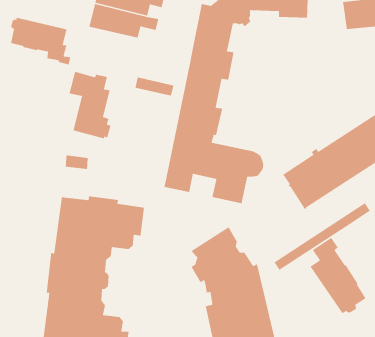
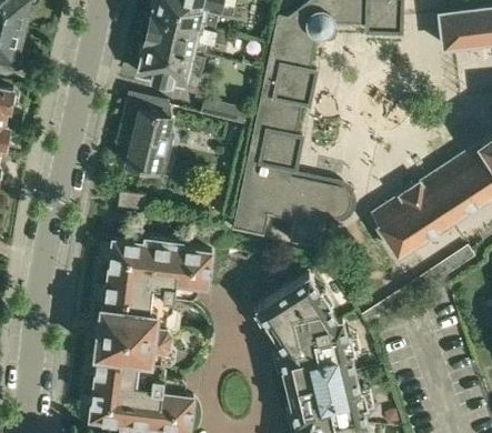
building: [10,17,71,65] -> [139,43,210,100]
building: [310,237,366,314] -> none

